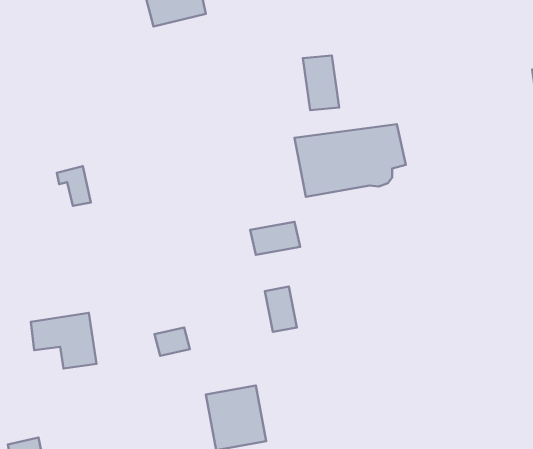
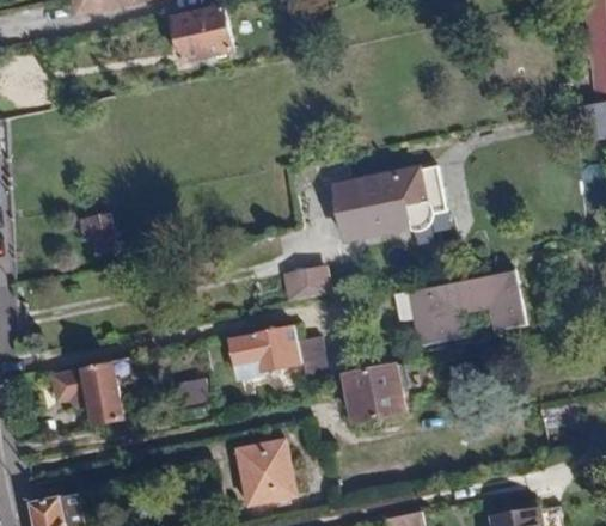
building: [303,55,339,110] -> none
building: none -> [414,269,525,347]
building: none -> [226,329,299,369]
building: none -> [339,362,428,424]

